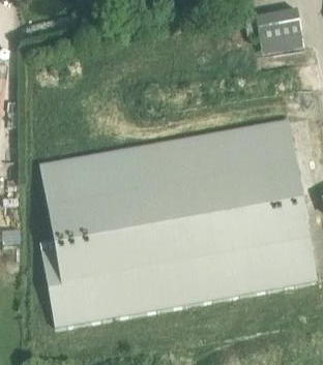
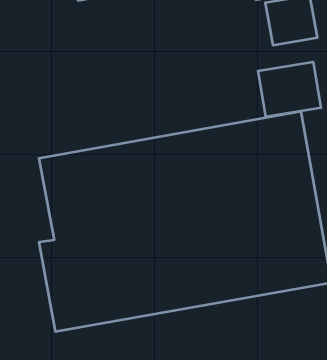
building: none -> [258,62,321,117]

